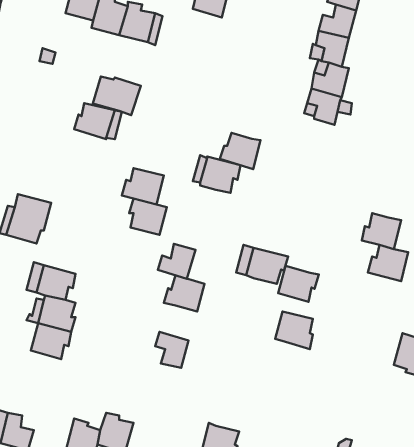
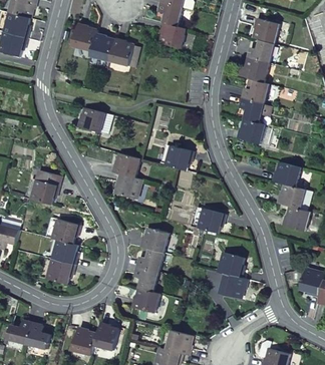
building: [93,76,141,115] -> none
building: [220,133,260,169] -> [237,118,265,143]
building: none -> [273,161,301,187]
building: [158,244,196,279] -> [137,248,164,272]
building: [278,266,319,302] -> [220,273,248,298]
building: none -> [131,288,159,313]

